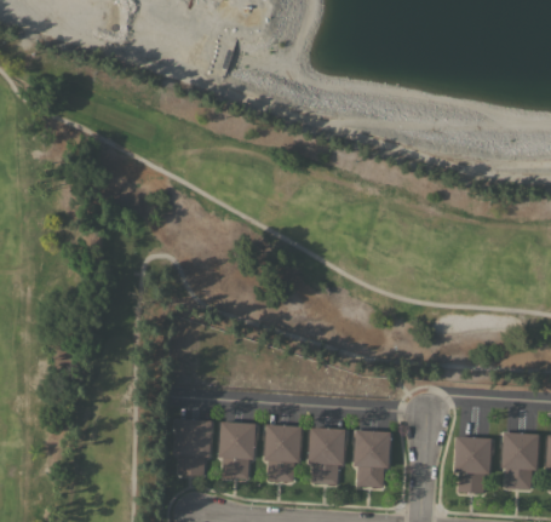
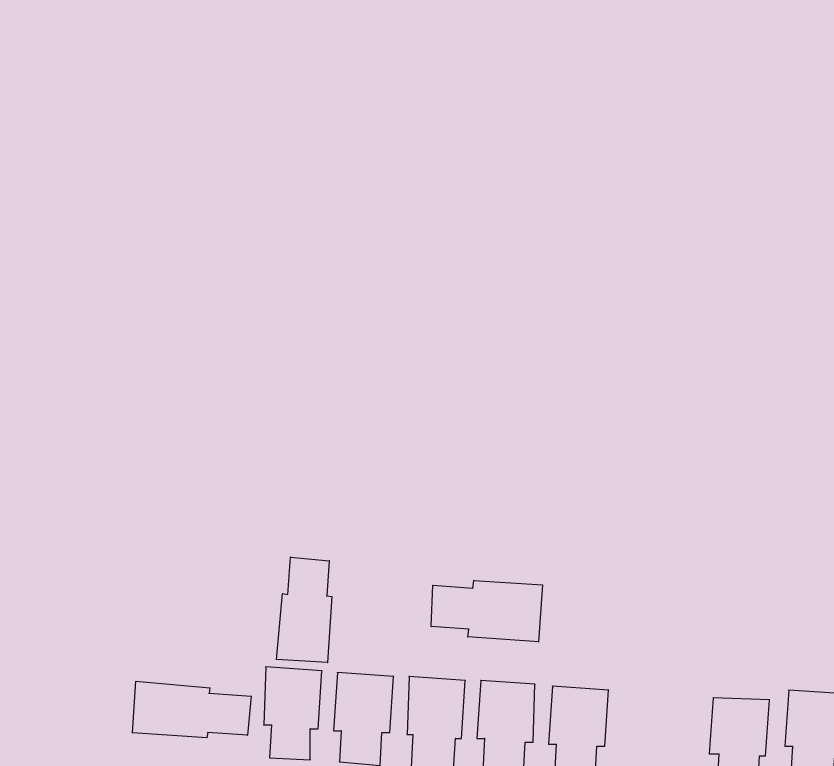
building: none -> [276,557,332,663]
building: none -> [431,580,542,642]
building: none -> [133,681,251,738]

